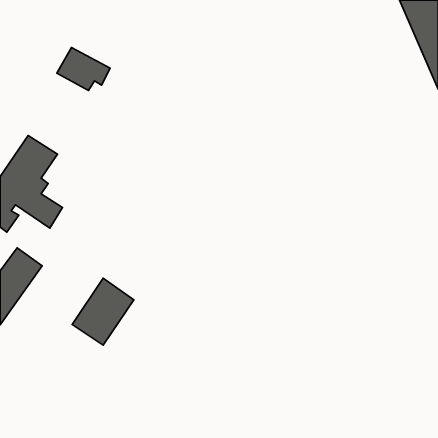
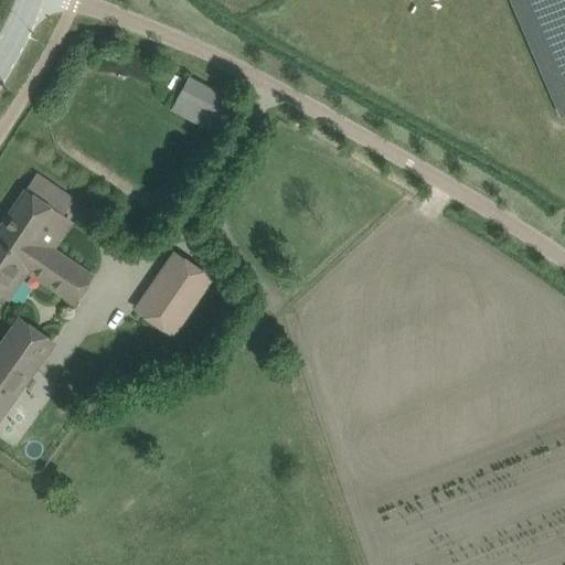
building: [57,47,110,90] -> [171,78,239,134]
building: [72,278,134,345] -> [135,249,214,335]

